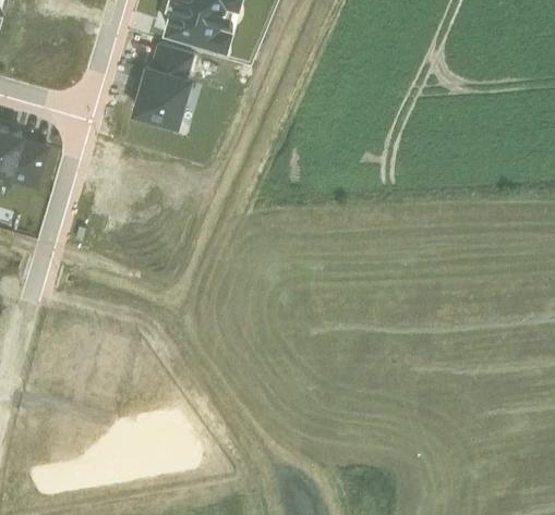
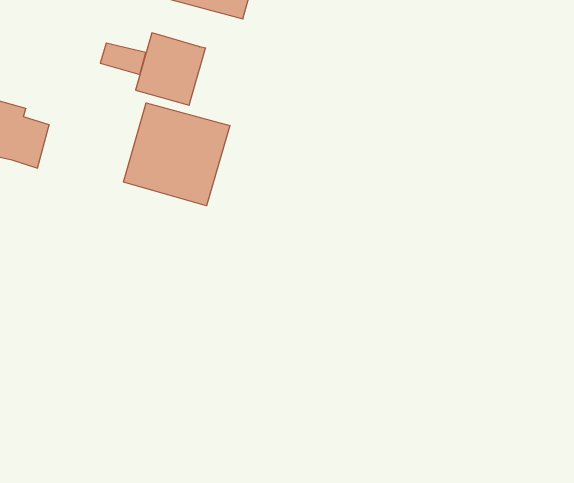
building: [152,46,194,75] -> [100,43,146,75]
building: none -> [124,103,230,206]

